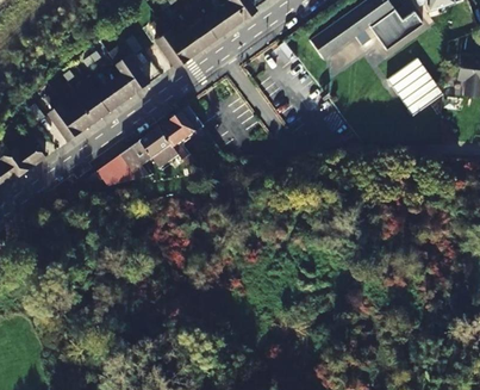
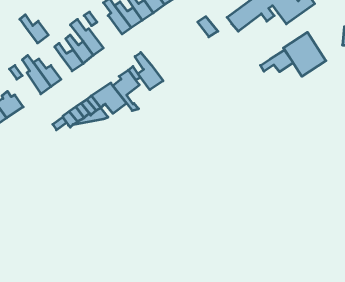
building: none -> [260,50,293,72]
building: [74,87,111,124] -> [20,15,48,43]
building: none -> [135,52,163,90]

